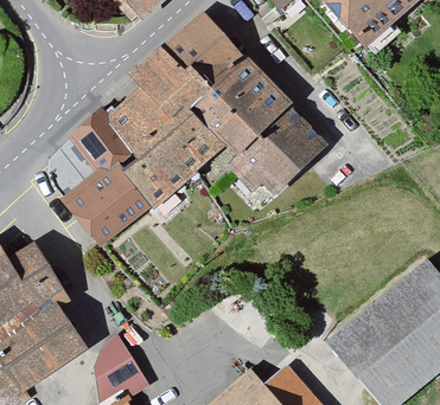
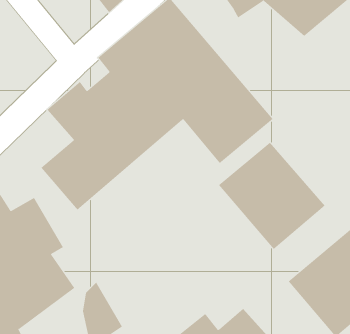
building: none -> [218,142,325,250]

